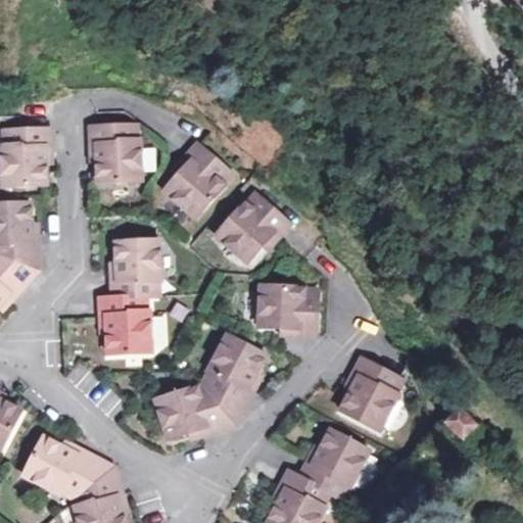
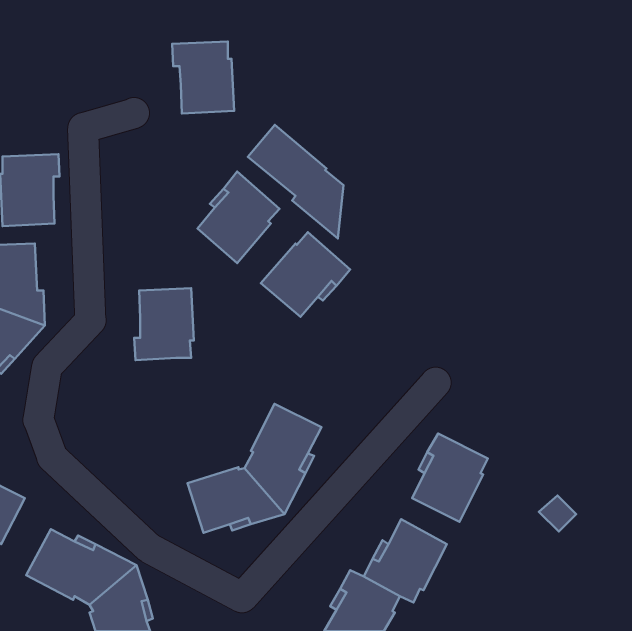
building: none -> [248,125,344,238]
building: [89,123,140,182] -> [172,41,234,113]
building: [257,283,317,334] -> none
building: [99,294,150,353] -> none

